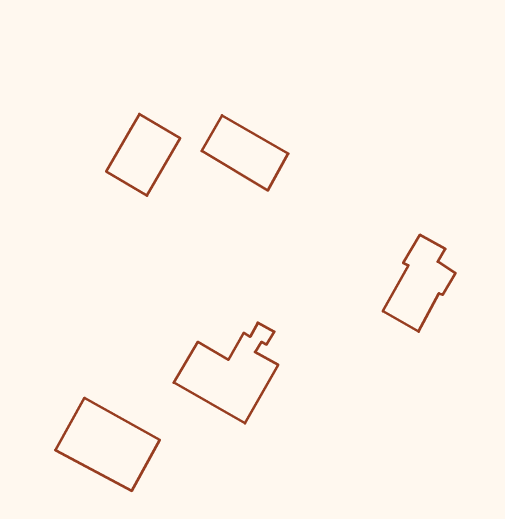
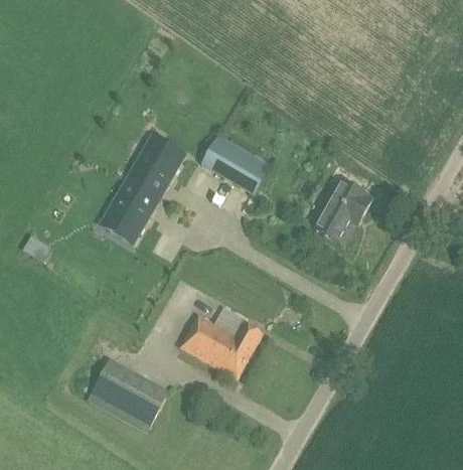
building: none -> [101,179,159,243]
building: [383,235,455,332] -> [313,166,370,243]

